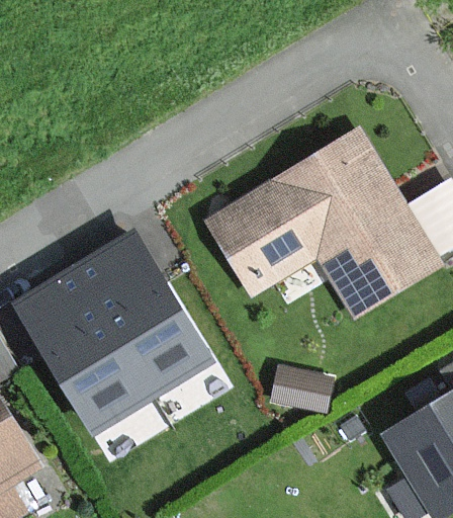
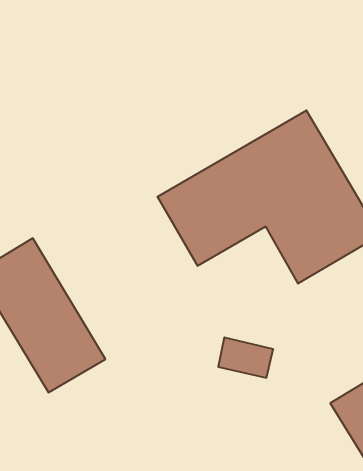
building: [78,232,210,391] -> none

